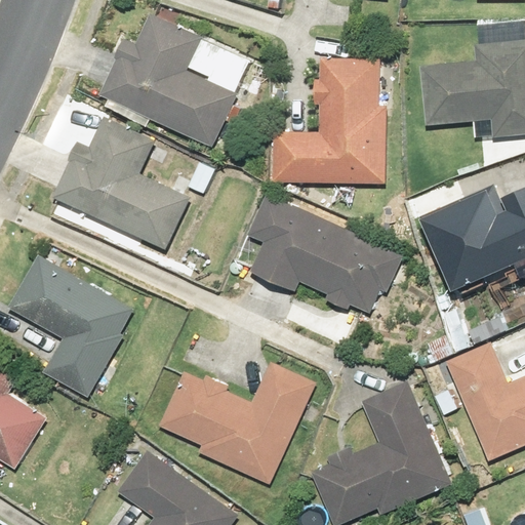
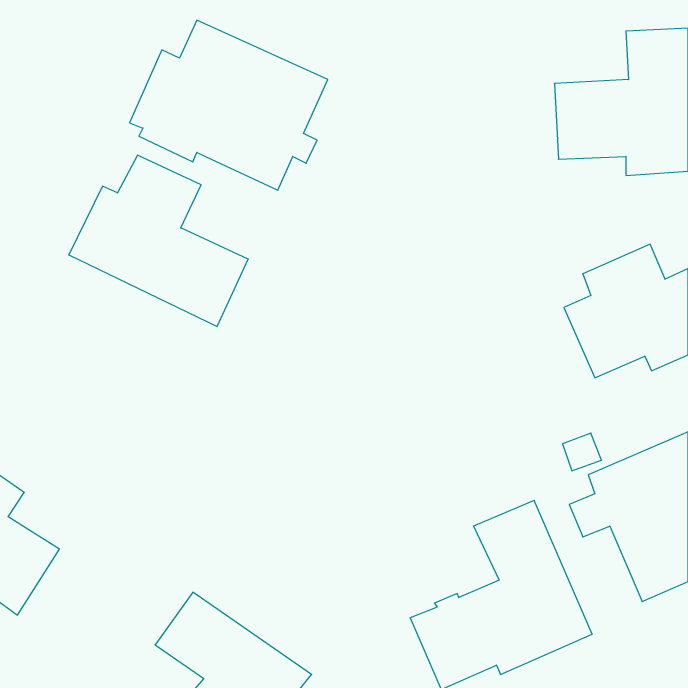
building: [272,59,387,183] -> none
building: [248,196,402,310] -> none
building: [9,256,131,395] -> none
building: [161,363,313,483] -> none

